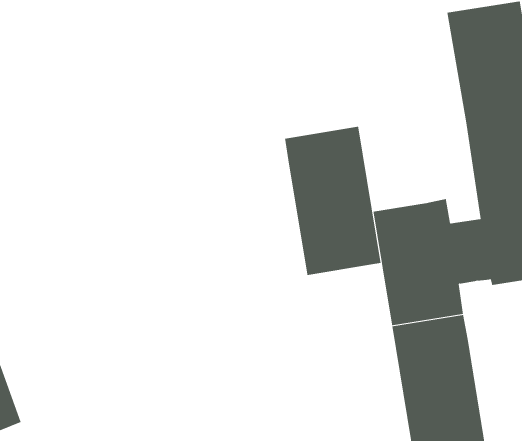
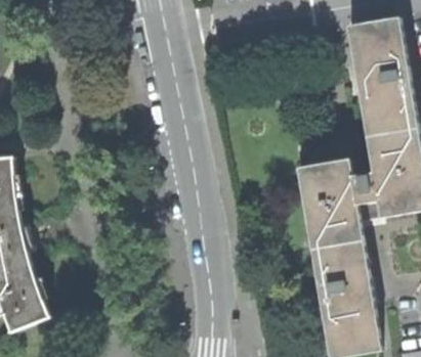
building: [285,126,381,276] -> none

